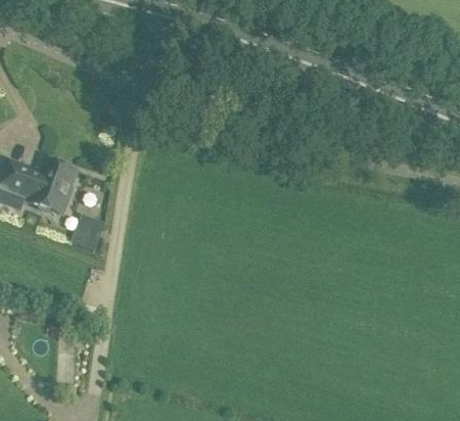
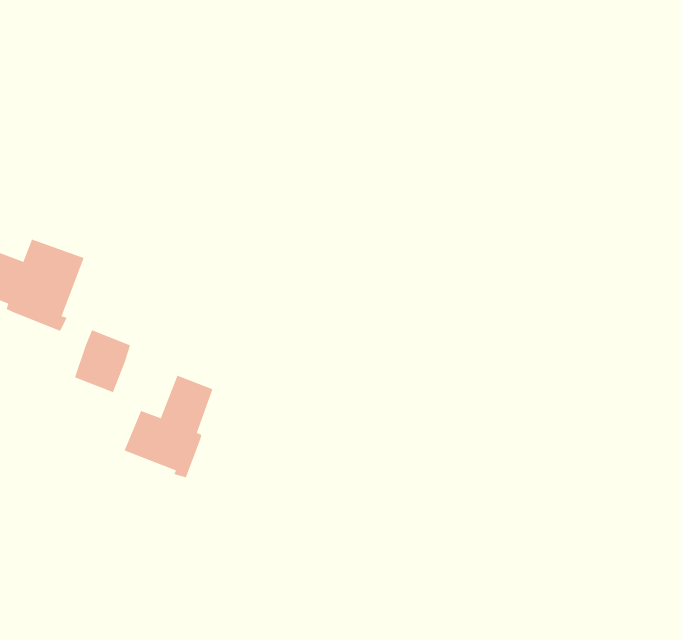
building: none -> [124,375,213,478]

